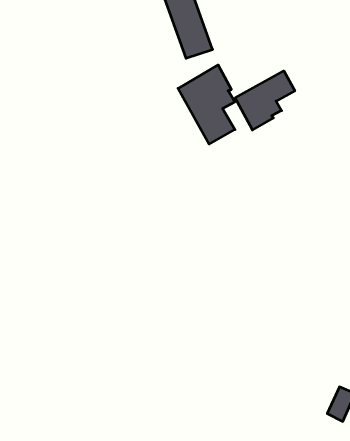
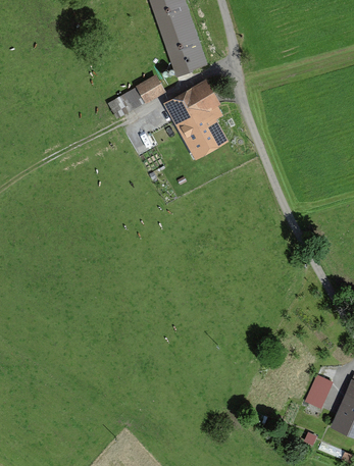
building: none -> [110,76,163,116]
building: [235,71,295,130] -> none

